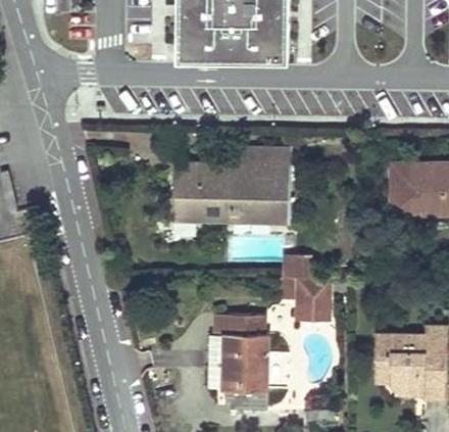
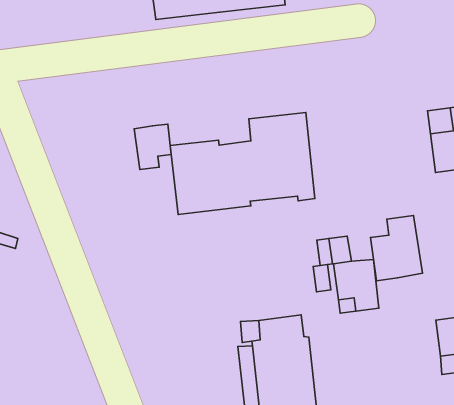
building: none -> [134,124,171,169]
building: none -> [371,216,423,281]

